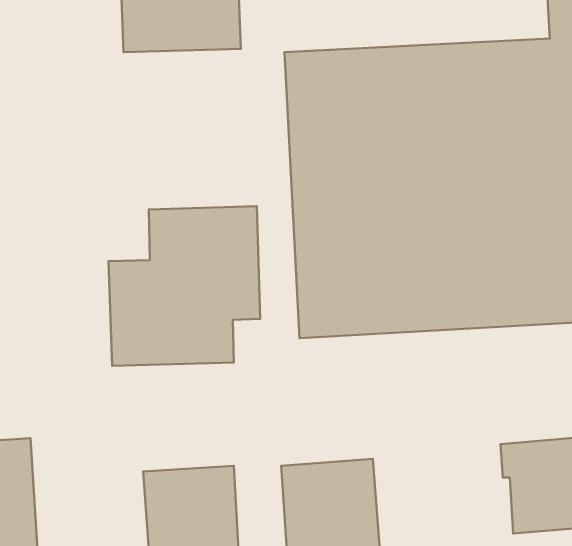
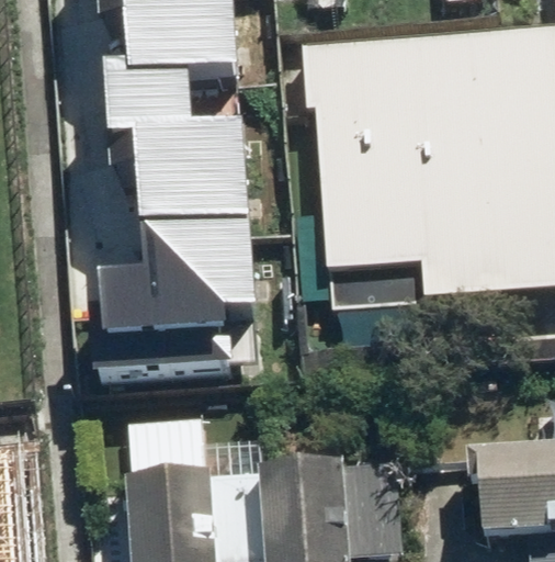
building: none -> [107,66,247,218]

